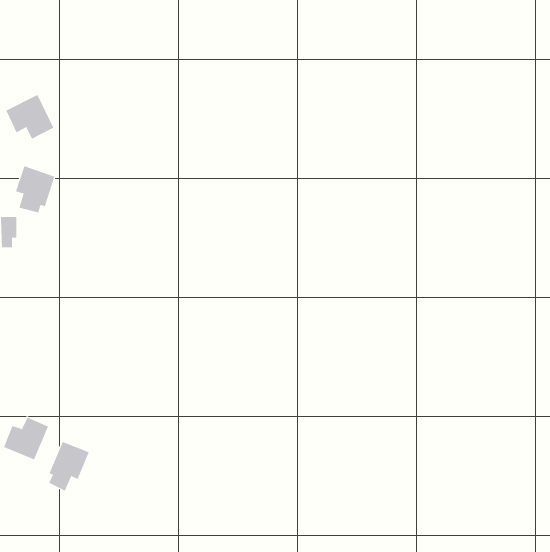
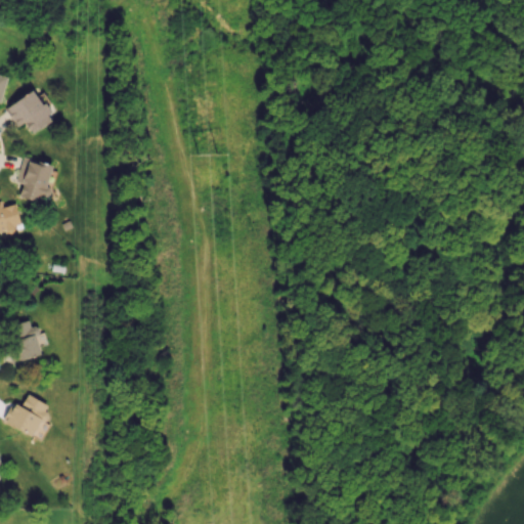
building: none -> [10,319,44,362]
building: [49,441,89,492] -> none

